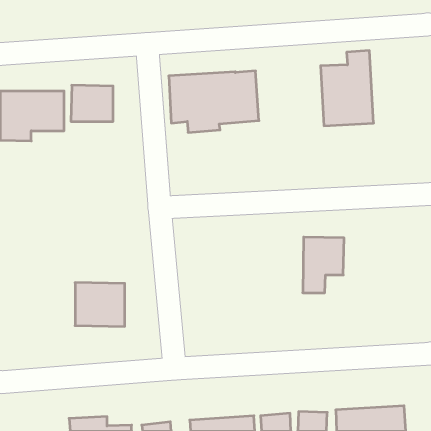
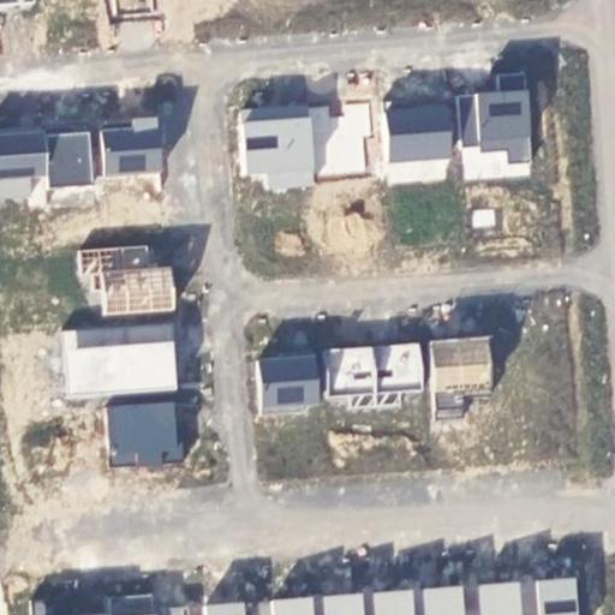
building: none -> [383,102,453,183]
building: none -> [83,244,175,317]
building: none -> [60,322,178,398]
building: none -> [256,346,423,407]

